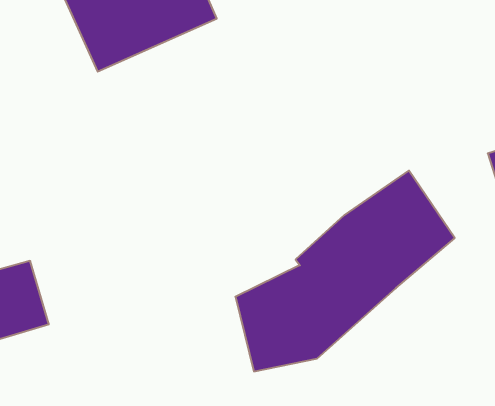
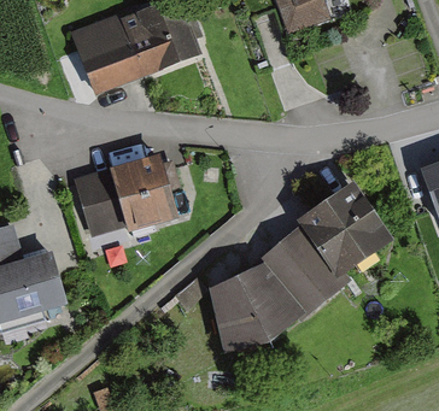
building: none -> [74,155,182,231]

